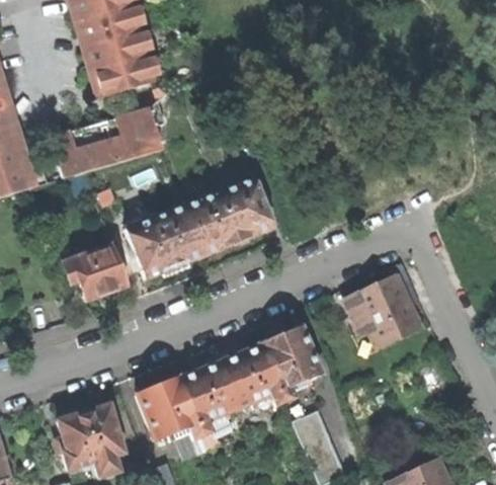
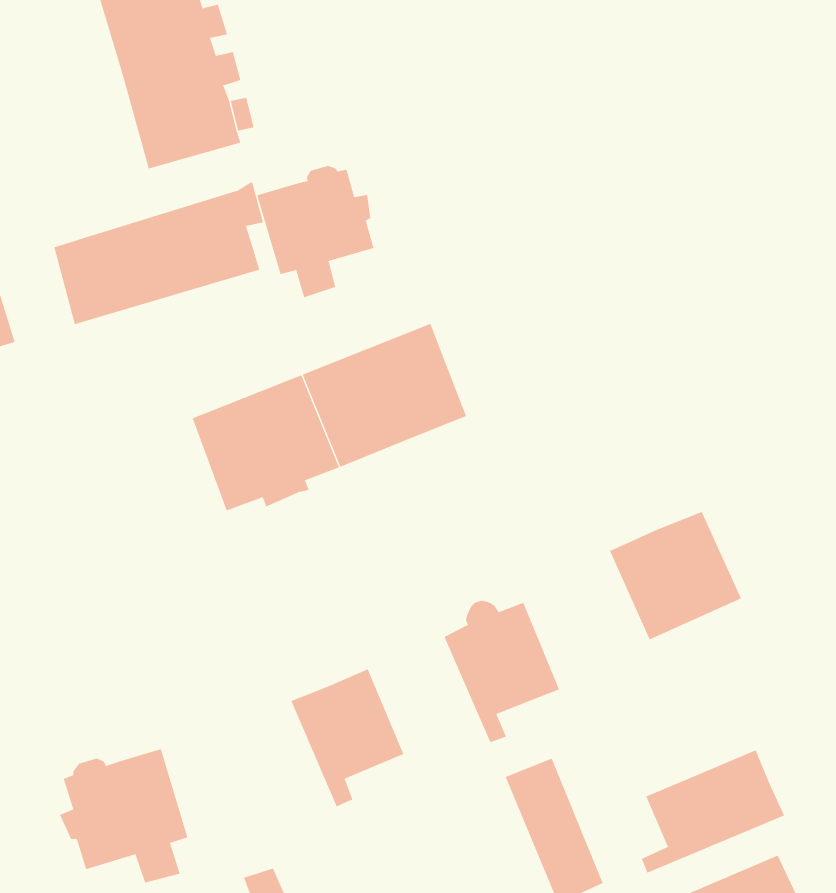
building: none -> [256,165,374,298]
building: [60,243,128,299] -> none
building: [220,344,284,406] -> none
building: [138,376,202,439] -> none
building: none -> [641,750,785,873]

